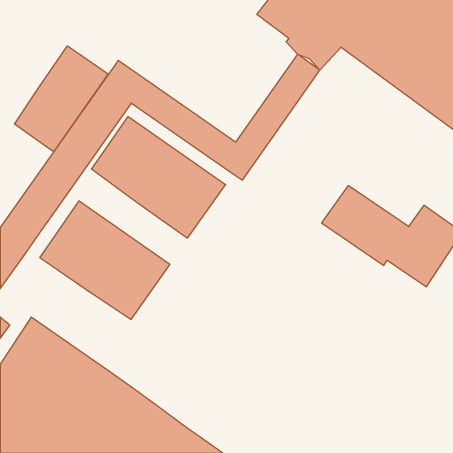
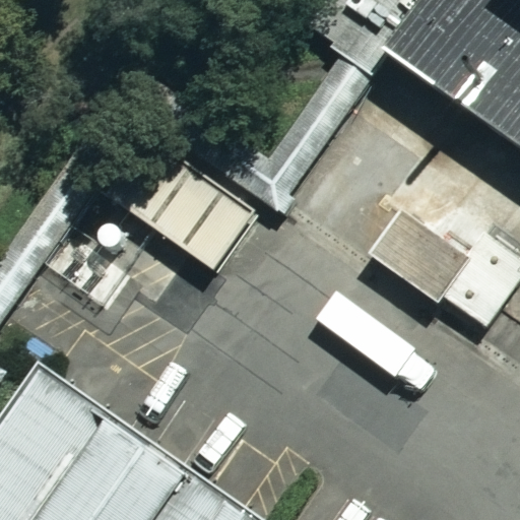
building: [14,46,108,152] -> none
building: [40,201,170,319] -> none

